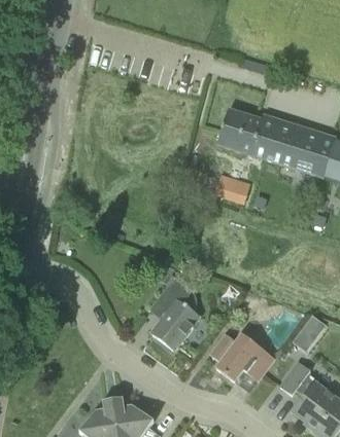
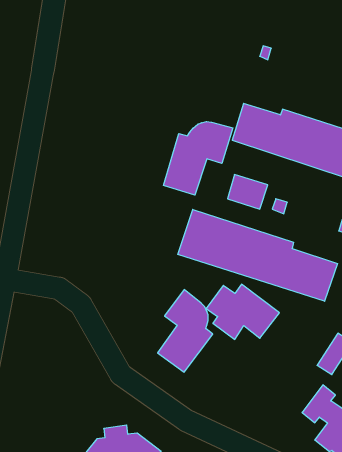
building: none -> [163,122,233,195]
building: none -> [178,209,337,301]
building: [209,332,275,381] -> [206,284,279,339]

